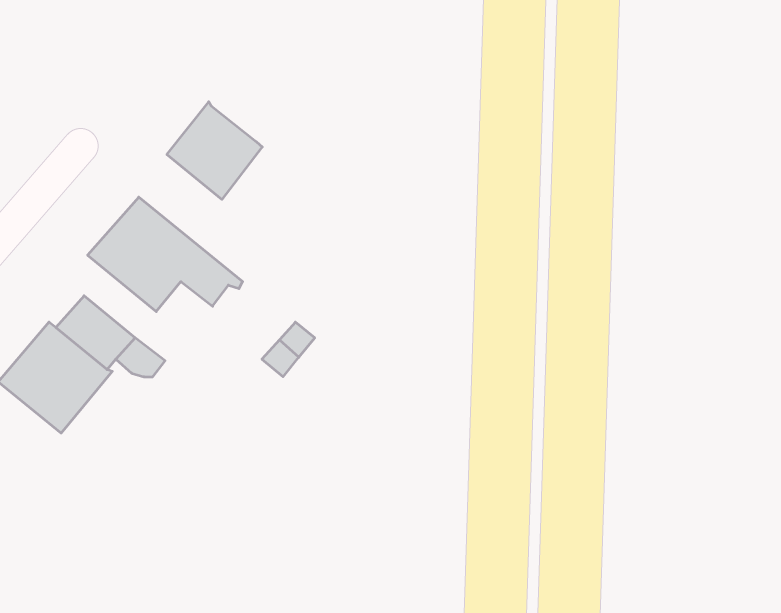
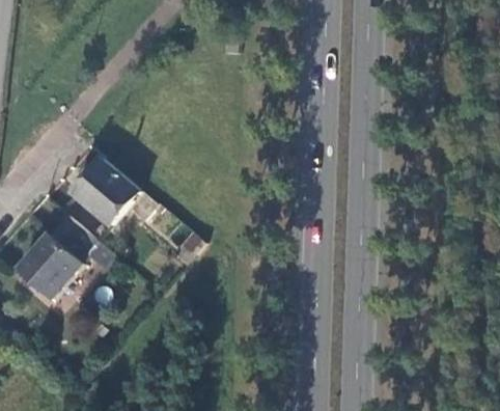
building: [167,102,262,199] -> none

